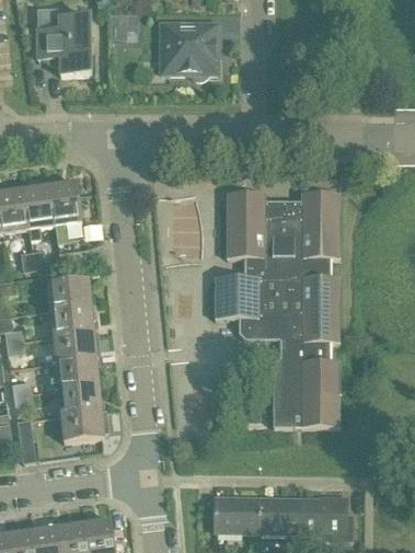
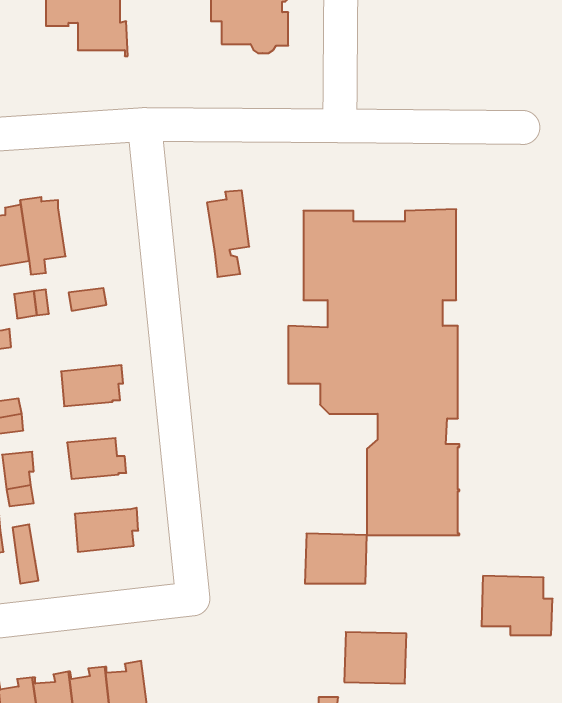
building: [49,182,80,244] -> [207,190,249,277]
building: [48,275,95,309] -> none
building: [54,329,99,360] -> none
building: [59,383,102,412] -> none
building: [212,496,257,532] -> [305,534,367,584]
building: [300,497,351,540] -> [481,576,553,635]

